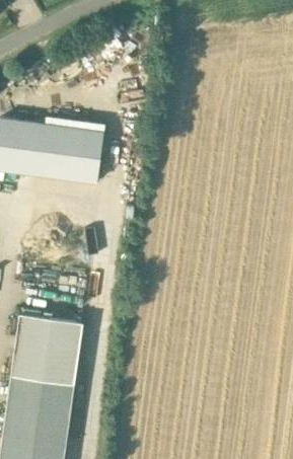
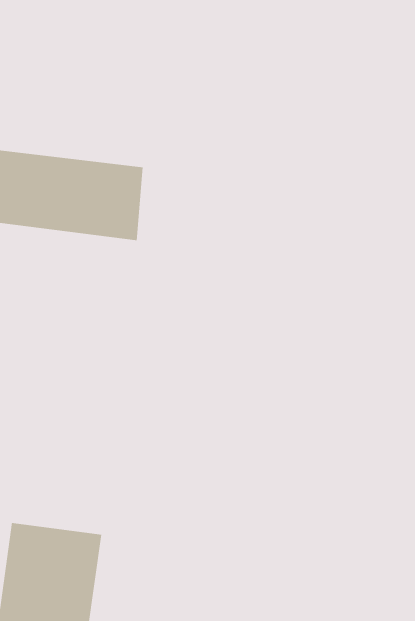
building: [10,313,82,383] -> none

